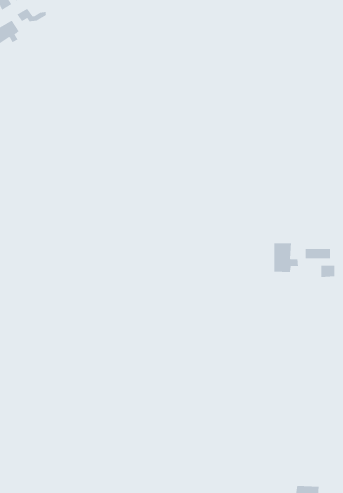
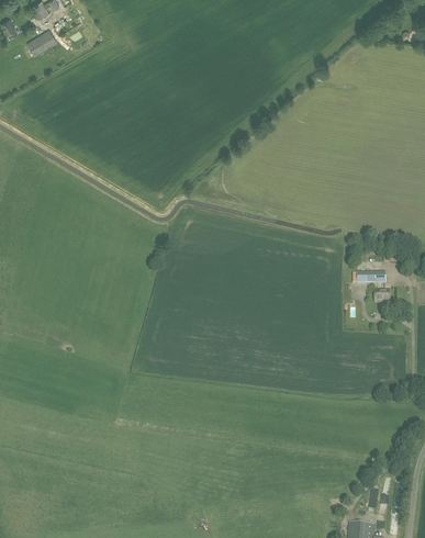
building: [274,242,298,273] -> none

